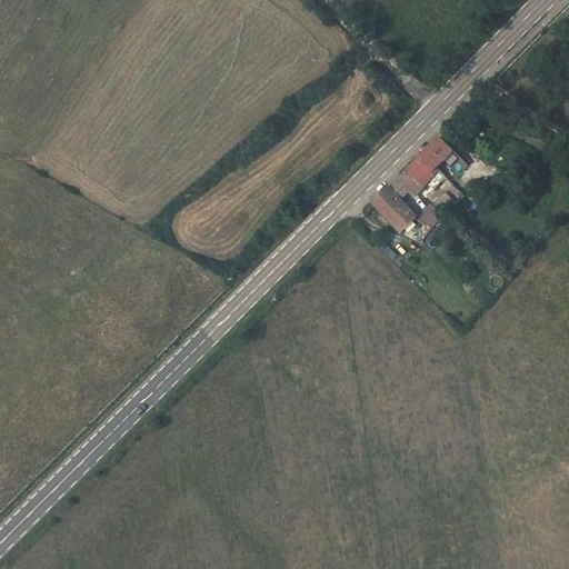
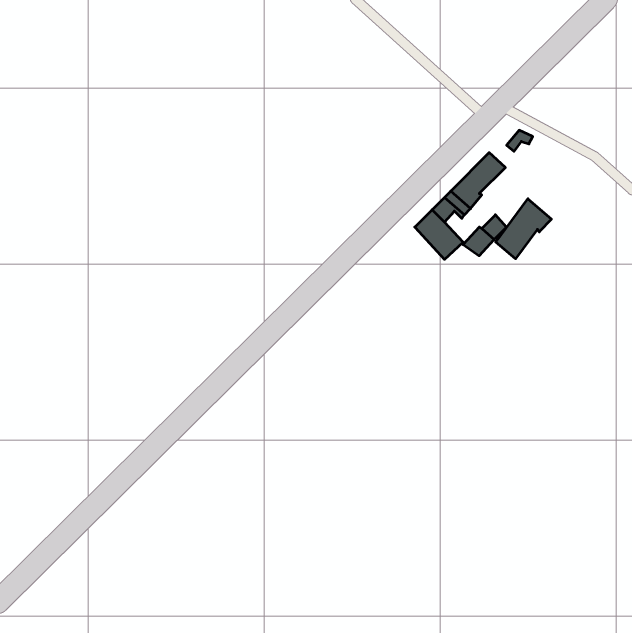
building: none -> [496,199,551,259]

